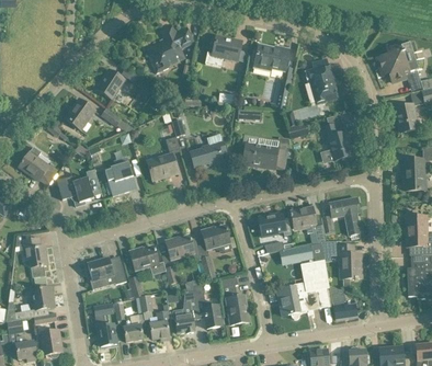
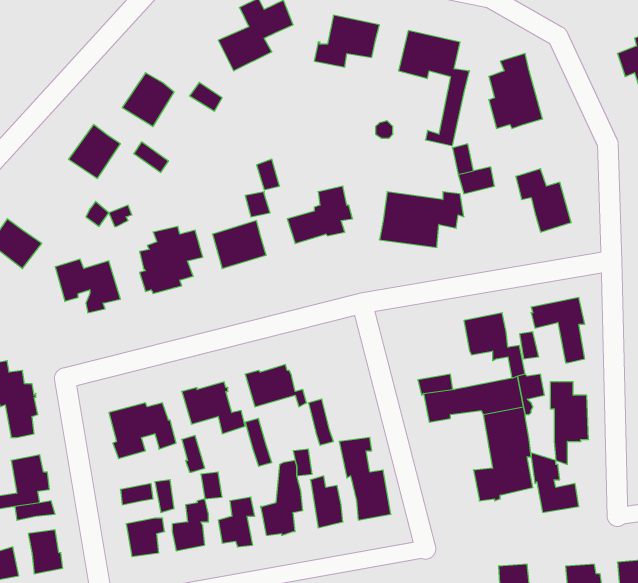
building: [259,213,291,236] -> none
building: [202,225,236,253] -> none
building: [277,283,307,316] -> none

